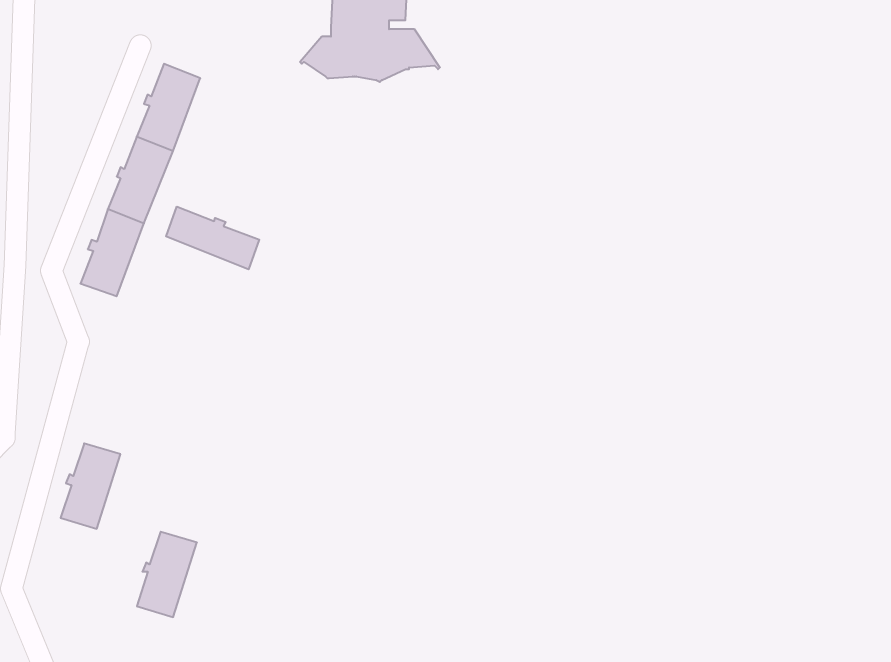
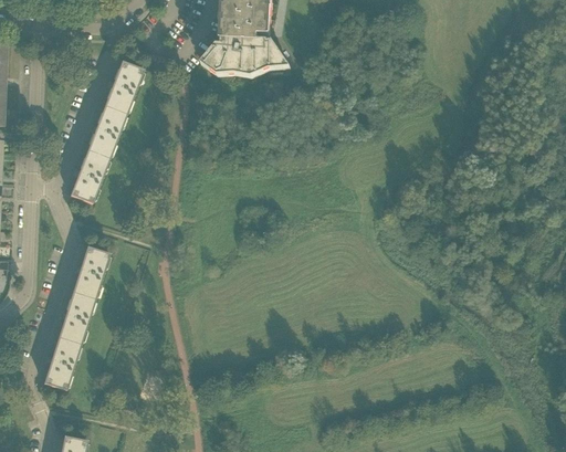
building: [166,207,259,269] -> none
building: none -> [73,248,109,299]
building: [137,532,197,617] -> [44,338,81,390]

